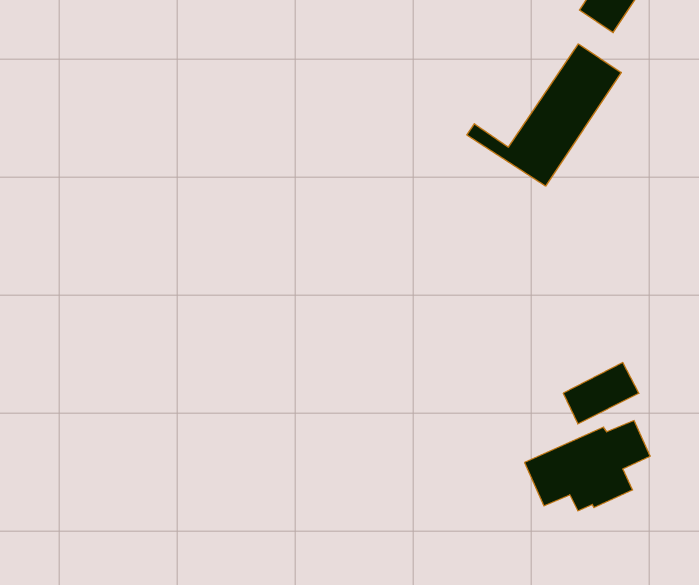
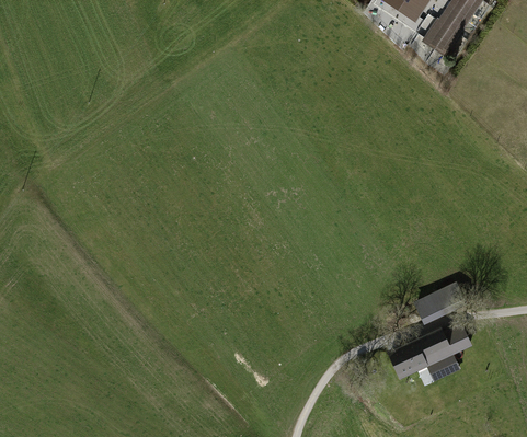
building: [467,44,621,186] -> none

